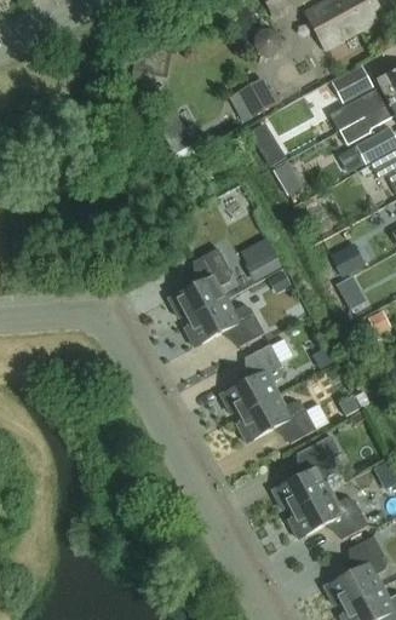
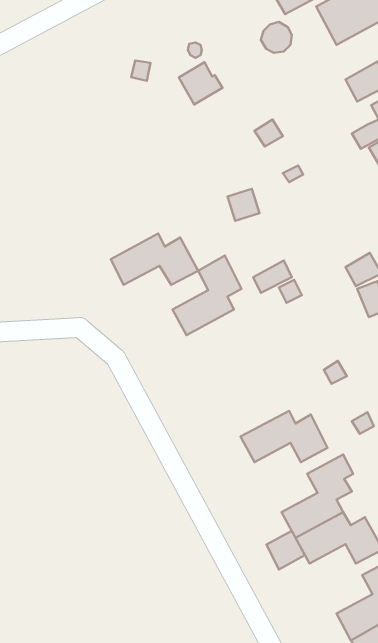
building: [237,78,279,117] -> [179,62,223,105]
building: [182,298,264,346] -> [111,234,198,285]
building: [220,343,286,418] -> none
building: none -> [267,531,305,570]

